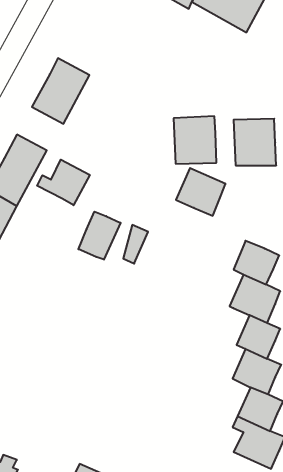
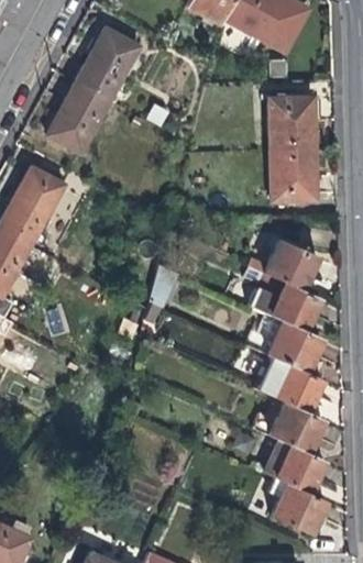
building: none -> [76,29,140,100]
building: [174,116,216,164] -> [268,97,316,150]
building: [37,160,90,205] -> none
building: [176,168,226,216] -> [264,240,319,292]
building: [78,212,121,260] -> none

